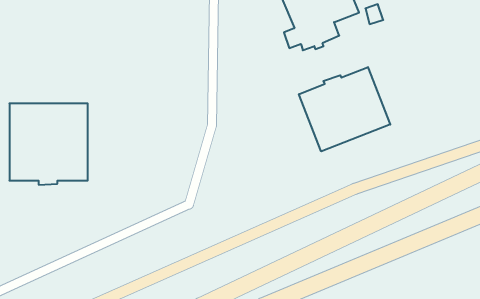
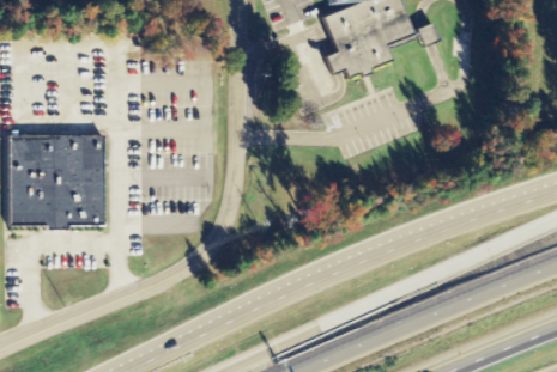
building: [299,67,390,151] -> none

